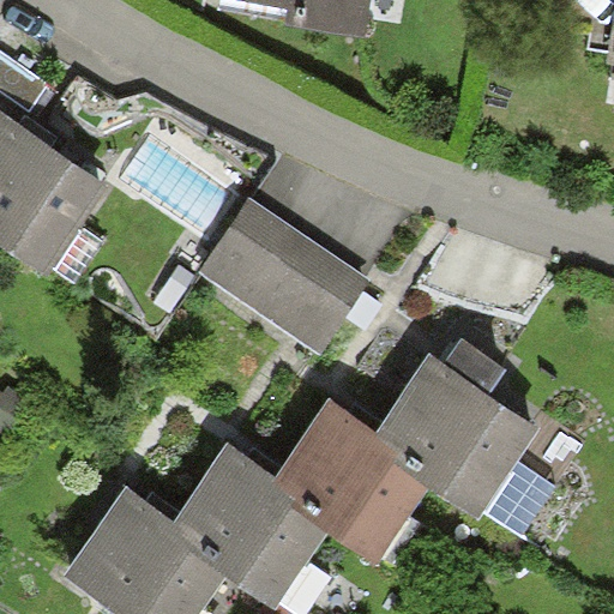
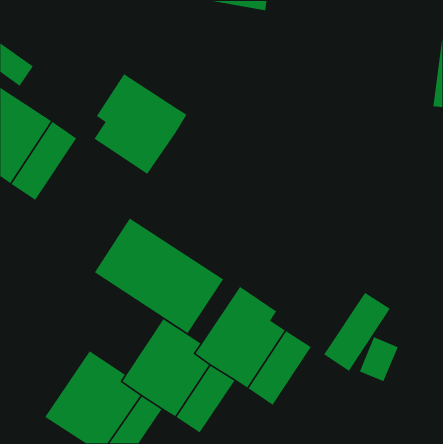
building: none -> [94,73,187,175]
building: [197,201,377,362] -> [94,218,224,334]
building: [374,355,504,489] -> none

